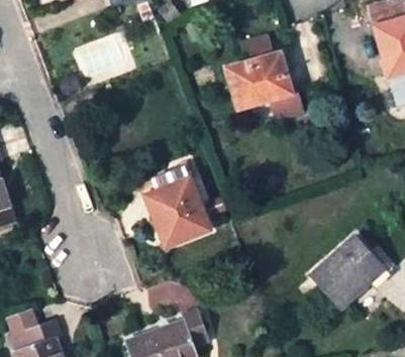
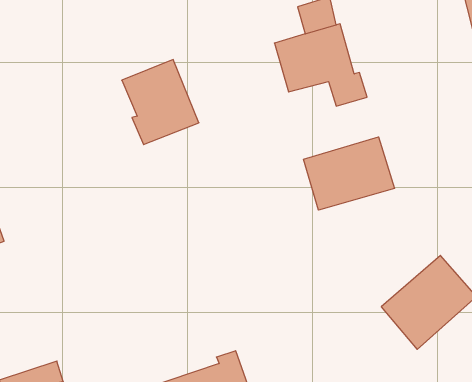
building: none -> [304,137,395,210]
building: [149,180,210,246] -> [122,60,199,145]

